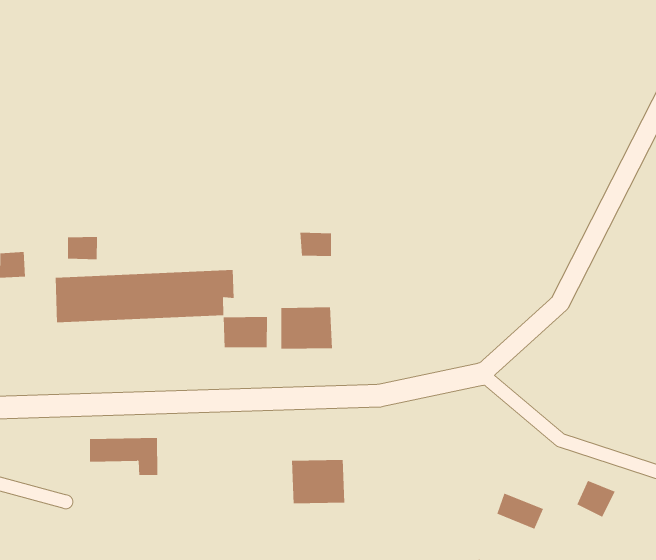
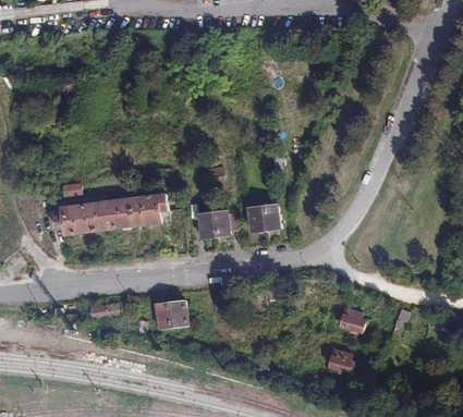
building: none -> [246,205,281,232]
building: [223,316,267,348] -> none
building: [291,460,345,504] -> [154,299,188,329]

